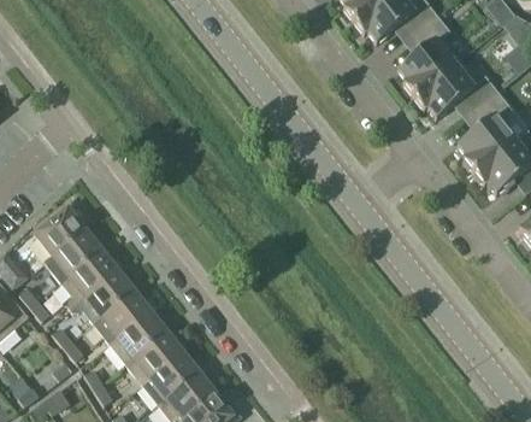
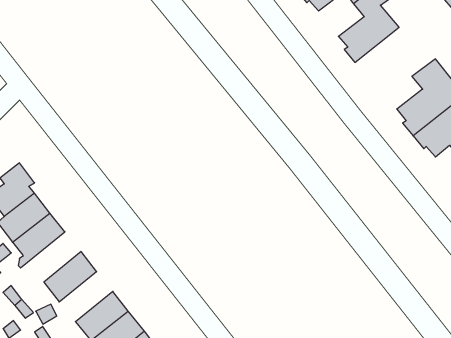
building: [414,60,497,119] -> none
building: [70,271,132,323] -> none
building: [110,312,165,364] -> none

